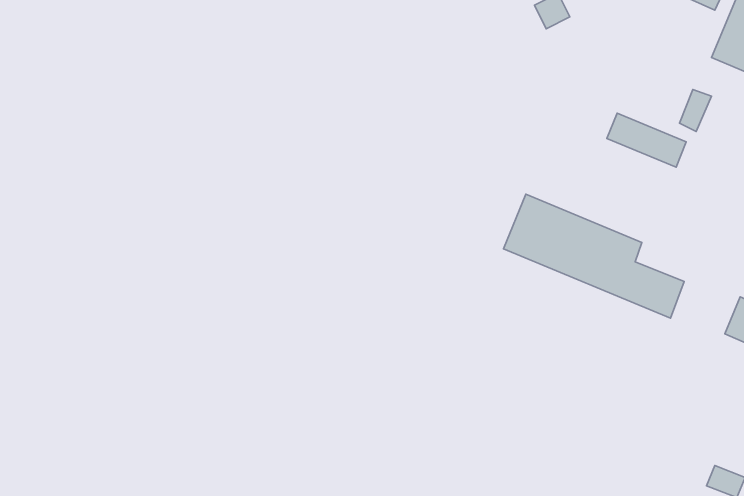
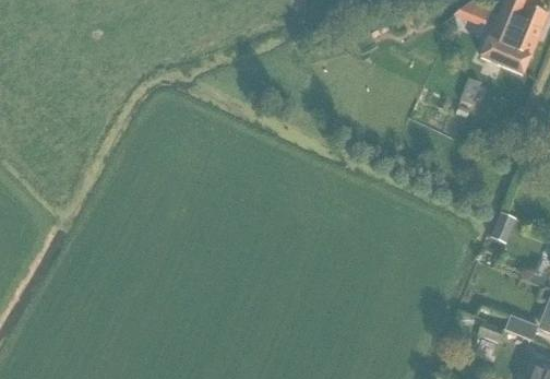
building: [503,194,684,318] -> none

